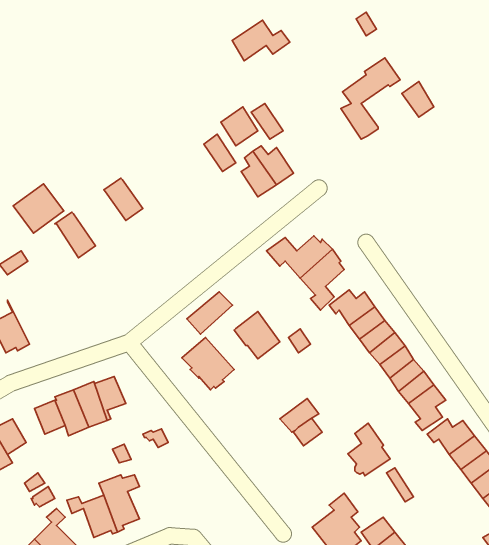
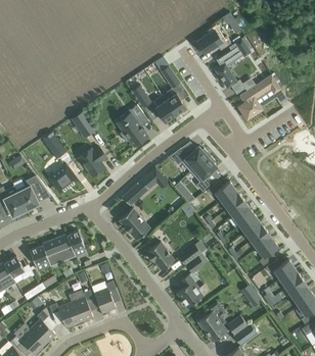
building: [232,20,290,61] -> [196,31,231,55]
building: none -> [239,75,281,119]
building: none -> [120,106,147,147]
building: [13,184,64,233] -> [48,164,79,194]
building: none -> [78,148,106,177]
building: none -> [13,176,45,212]
building: [234,311,280,359] -> [146,242,174,270]
building: [348,423,390,476] -> [177,275,202,307]
building: none -> [91,282,116,316]

